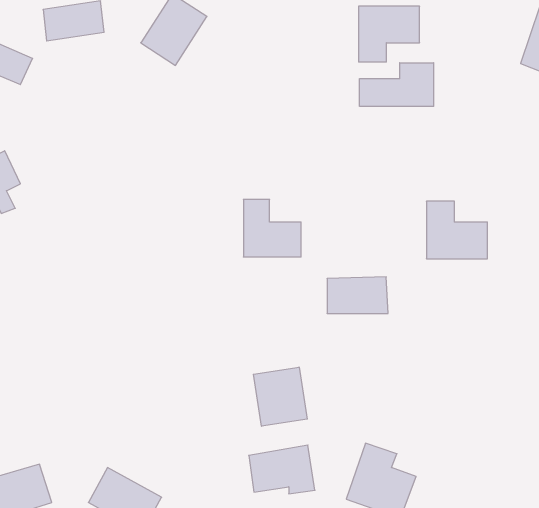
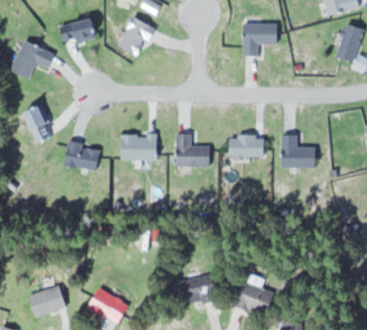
building: [360,63,434,106] -> none
building: none -> [120,135,157,160]
building: none -> [64,143,100,171]
building: [327,277,388,313] -> [229,136,264,157]
building: [253,367,307,426] -> none

